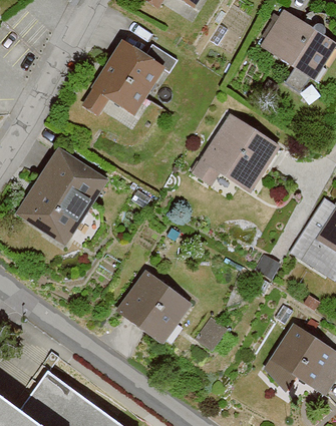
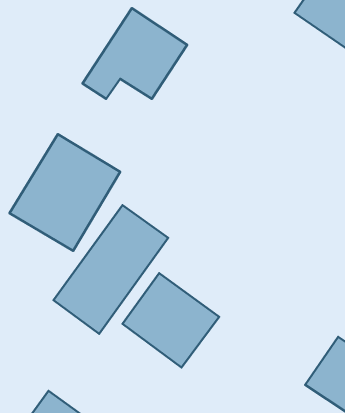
building: [191,113,284,194] -> none
building: none -> [53,205,168,334]

